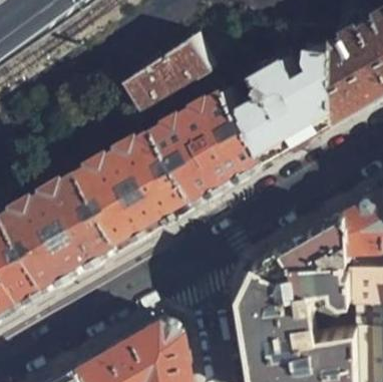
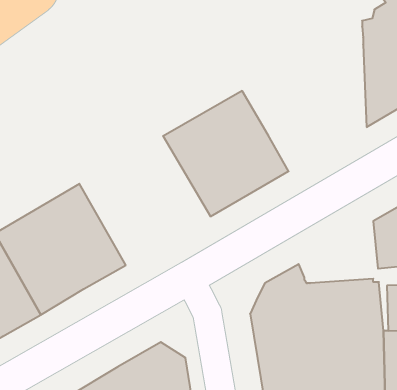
building: [124,35,213,109] -> none
building: [244,47,335,160] -> none
building: [80,129,197,244] -> none
building: [275,205,346,260] -> none

